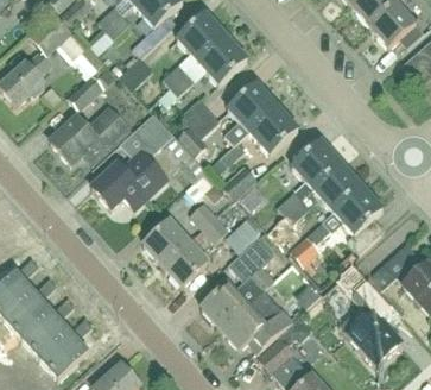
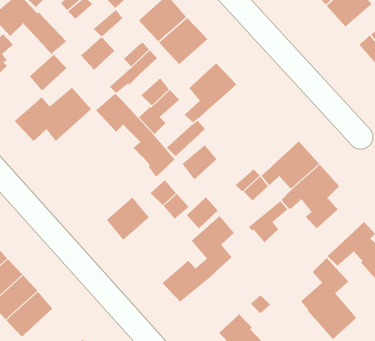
building: [248,105,298,155] -> none
building: [291,139,341,188] -> none
building: [91,152,165,208] -> none
building: [161,240,208,284] -> none
building: [220,290,291,353] -> none

